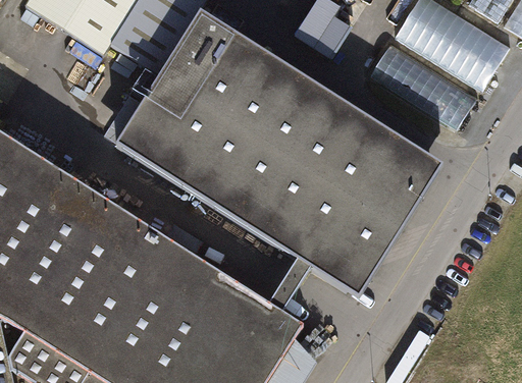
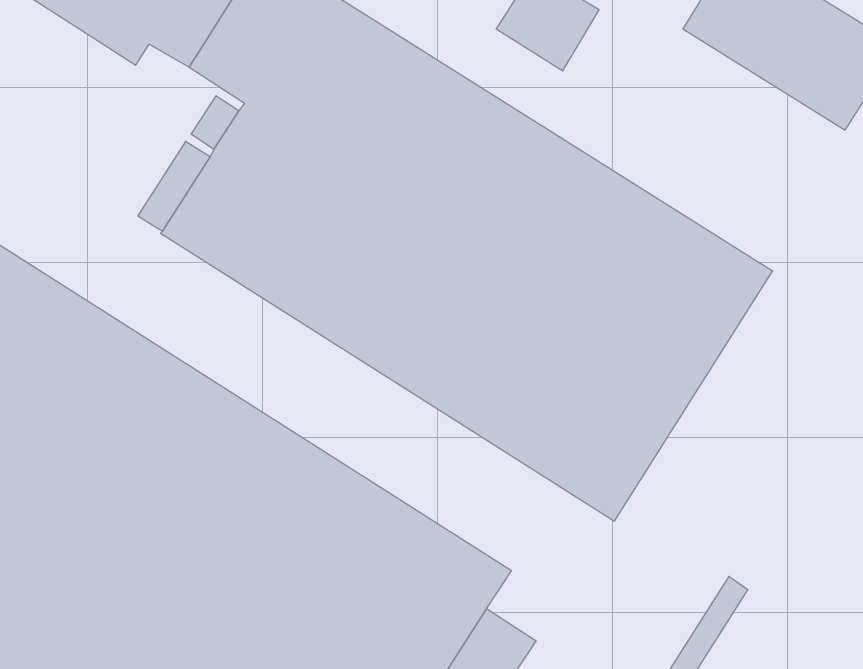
building: [369,40,478,129] -> none

